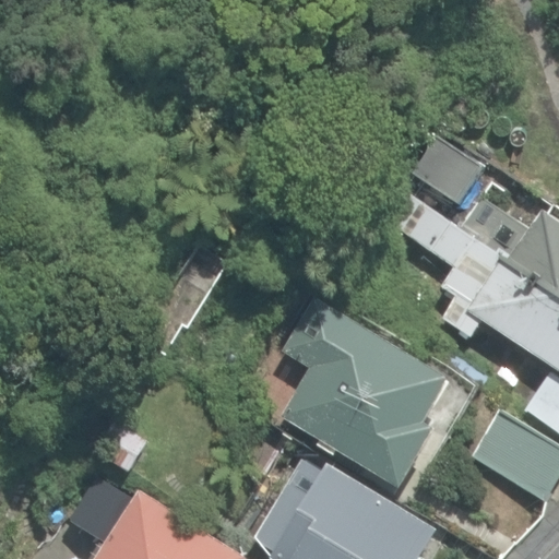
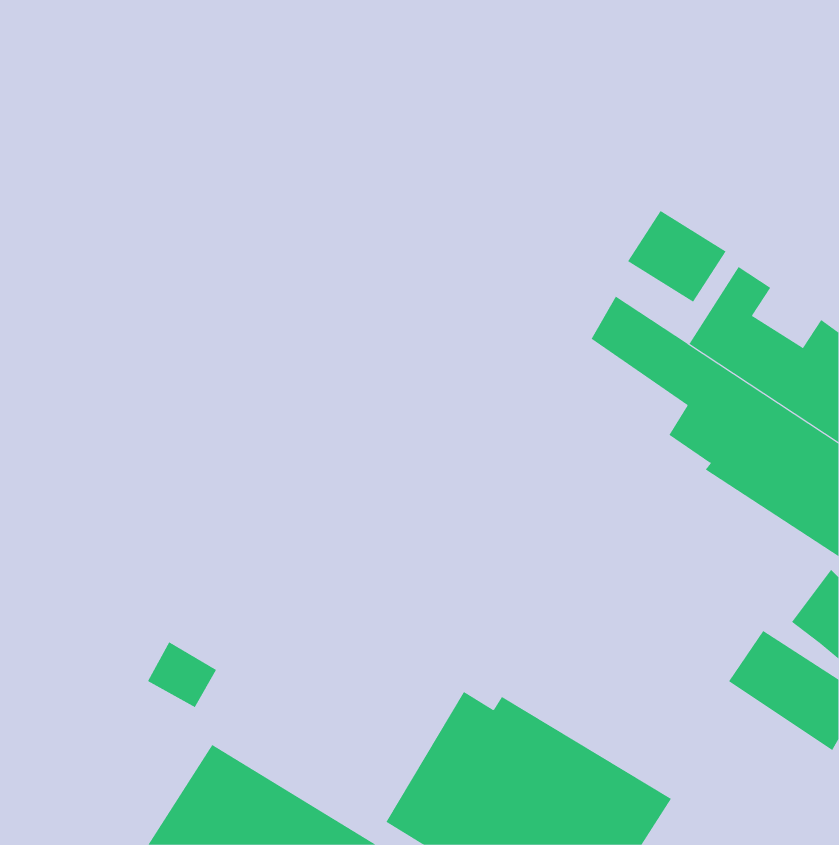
building: [278,299,451,489] -> none

